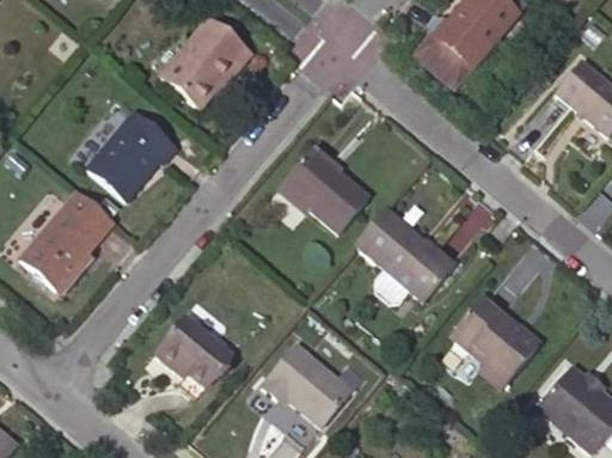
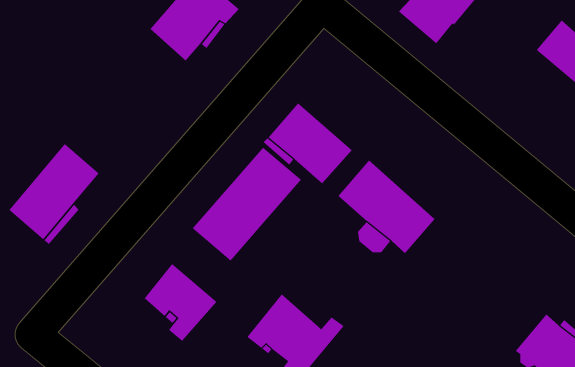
building: [82,111,175,200] -> none
building: none -> [192,147,302,261]
building: [452,298,538,387] -> none

